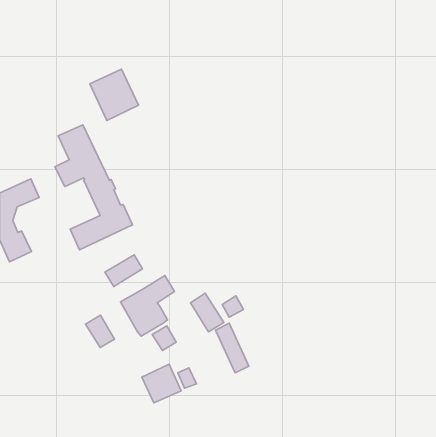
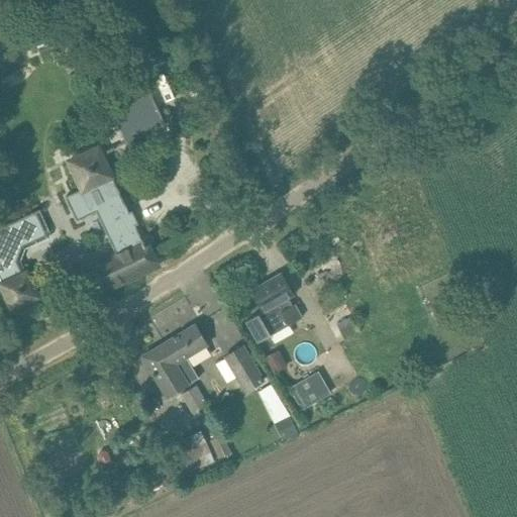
building: none -> [246,273,301,342]
building: [105,255,142,286] -> none
building: none -> [285,370,328,411]
building: [86,315,115,348] -> none

